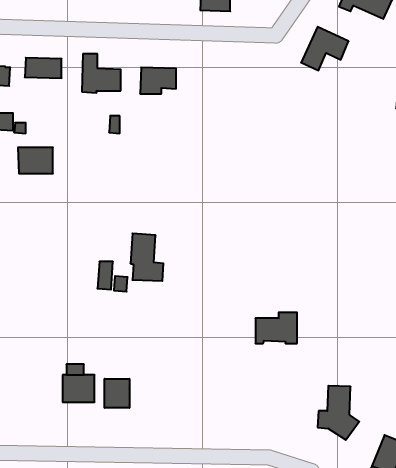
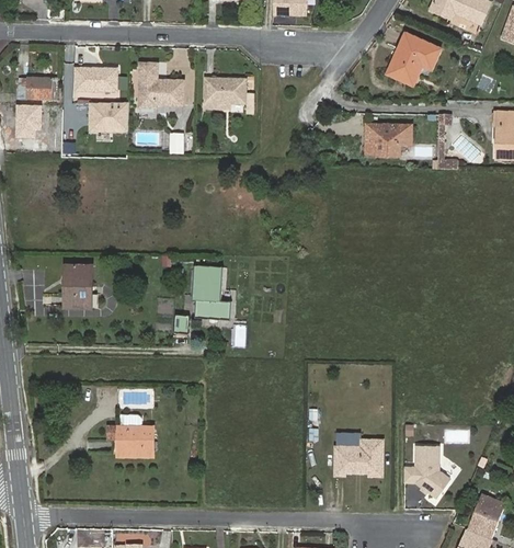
building: none -> [364,124,411,156]
building: [18,147,53,174] -> [88,102,127,132]
building: none -> [64,265,91,308]
building: [255,312,297,343] -> [334,441,381,476]
building: [105,379,129,408] -> none

